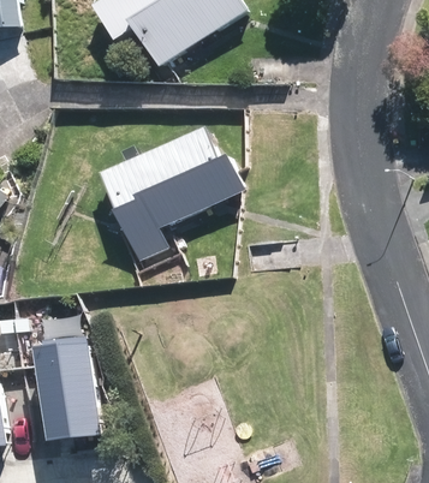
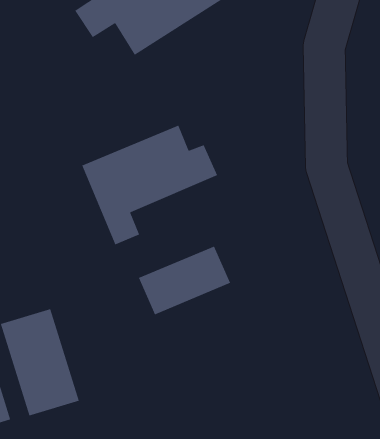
building: none -> [138,245,231,315]

